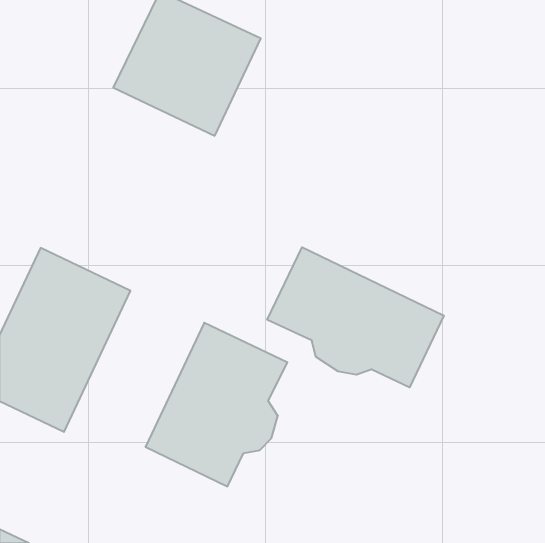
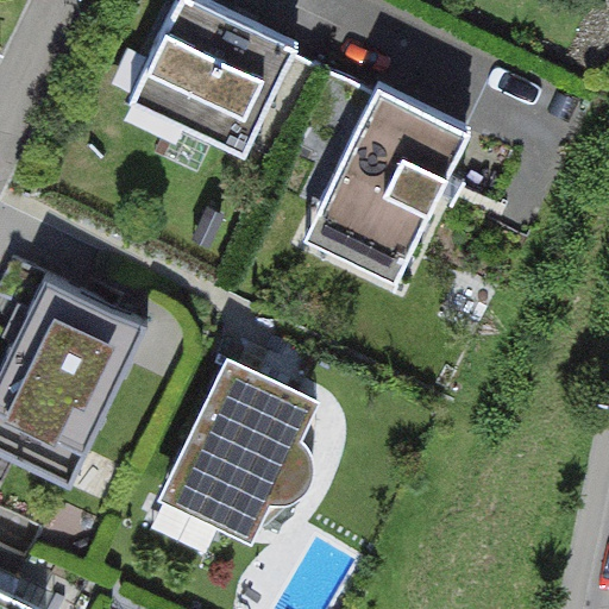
building: none -> [295,83,478,297]
building: [267,247,444,387] -> none

